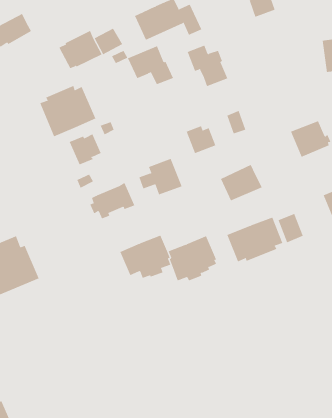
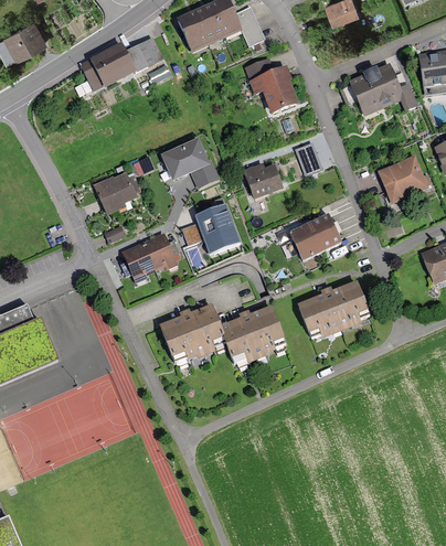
building: [127,45,174,85] -> [160,138,220,189]
building: none -> [339,64,417,117]
building: [39,85,96,137] -> none
building: [278,213,304,243] -> none

